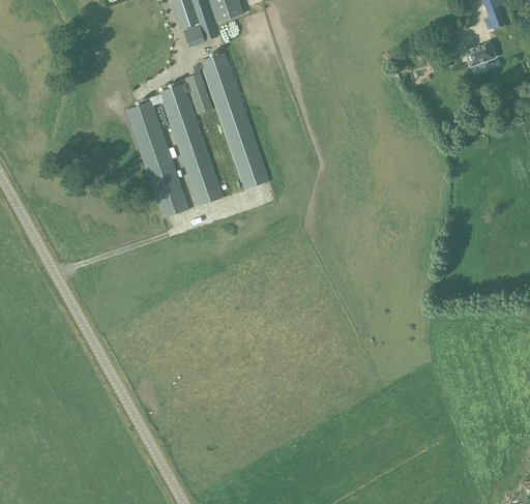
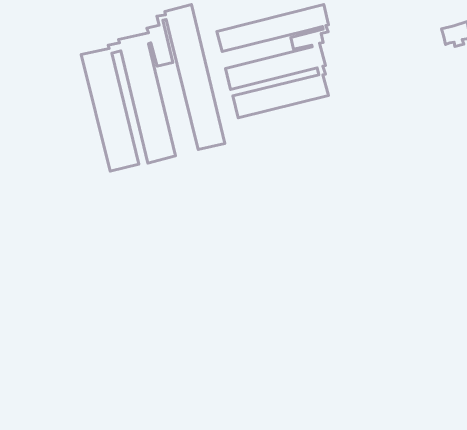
building: none -> [217,4,329,118]

